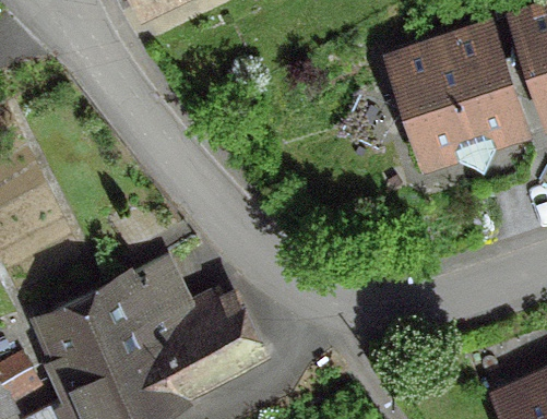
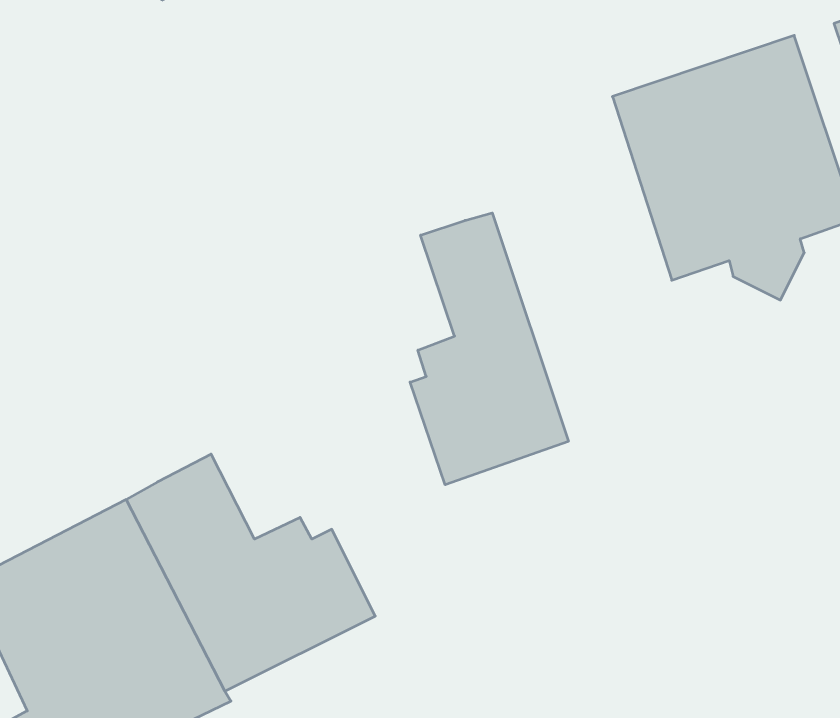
building: none -> [410,213,568,485]

